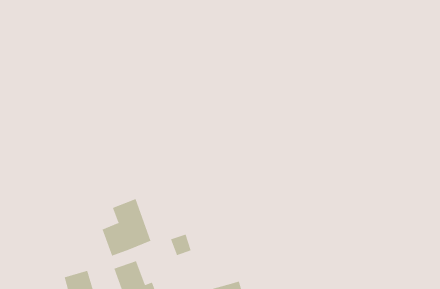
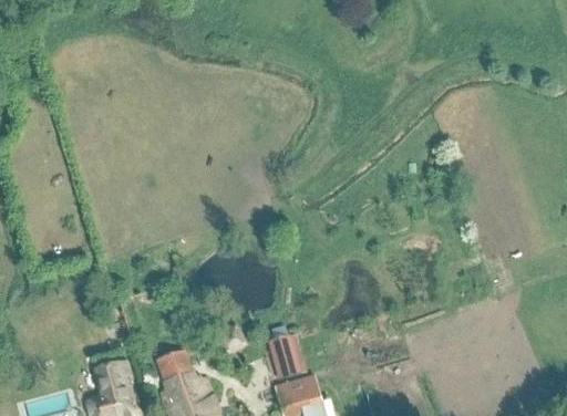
building: [102,198,151,256] -> none
building: none -> [268,330,306,377]

